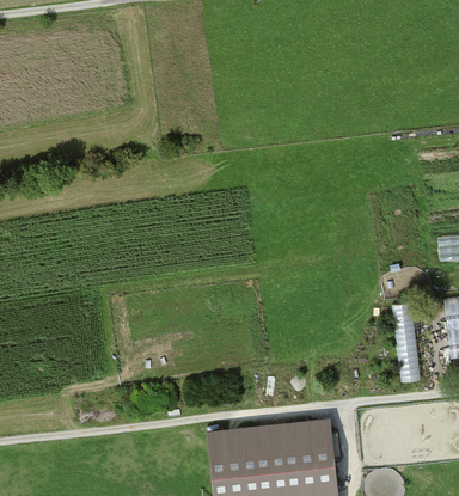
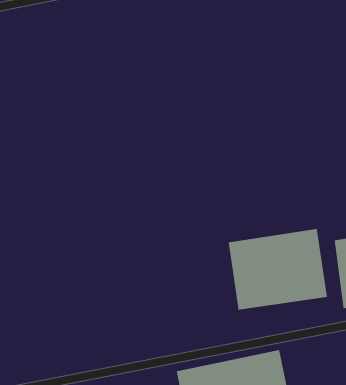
building: none -> [228,228,327,310]

